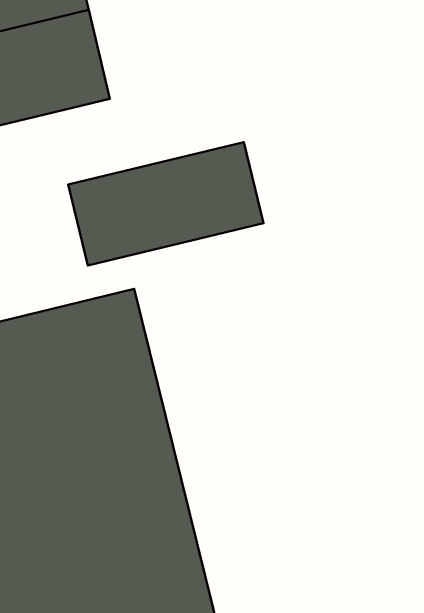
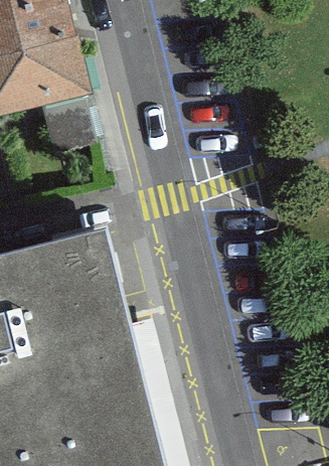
building: [68,142,264,265] -> none

